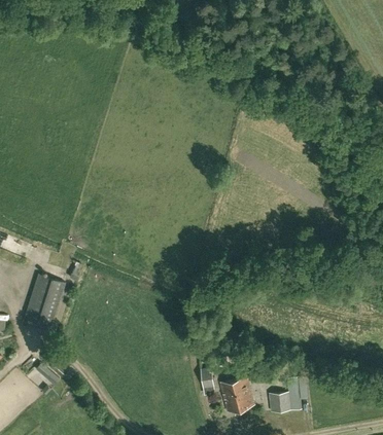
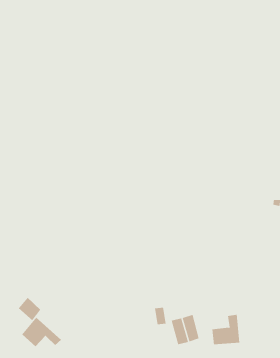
building: [25,276,65,328] -> none
building: none -> [22,317,62,347]

